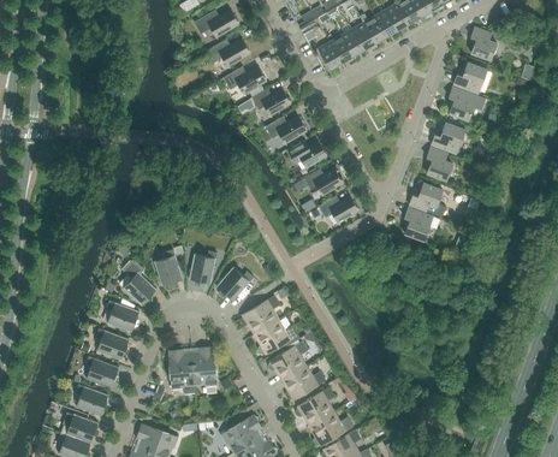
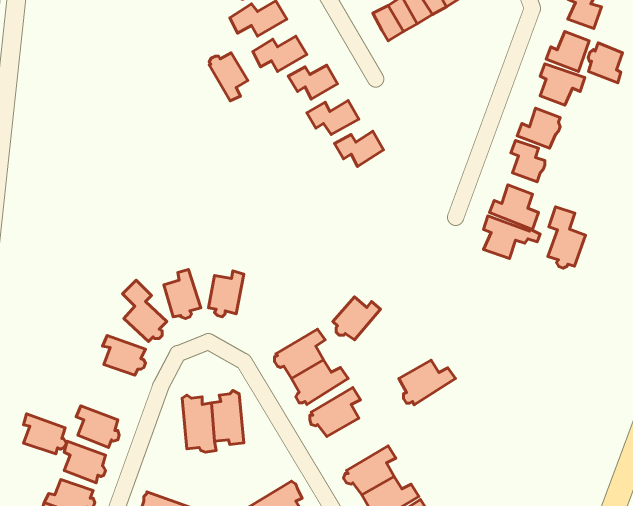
building: none -> [588,43,622,83]
building: none -> [209,53,248,101]
building: [303,168,343,195] -> none
building: [319,196,358,222] -> none
building: none -> [548,207,585,268]
building: [216,267,254,301] -> [333,297,381,340]
building: [96,328,130,360] -> [24,414,67,454]
building: [281,366,326,400] -> [399,360,456,405]

